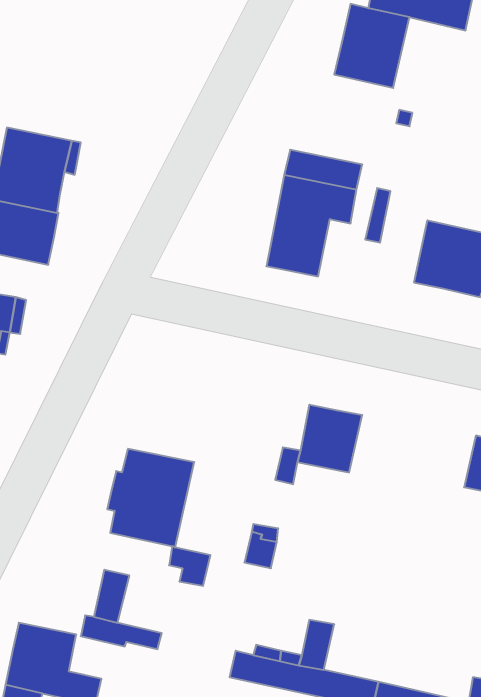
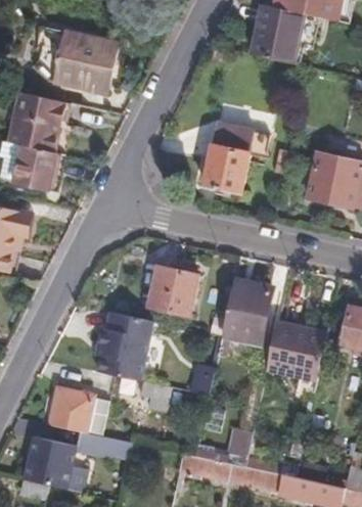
building: none -> [53,28,117,90]
building: none -> [147,265,197,316]
building: none -> [265,317,325,391]
building: none -> [44,385,90,430]

